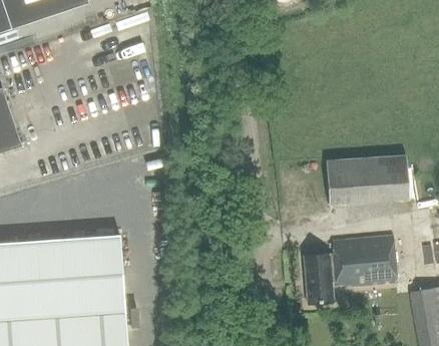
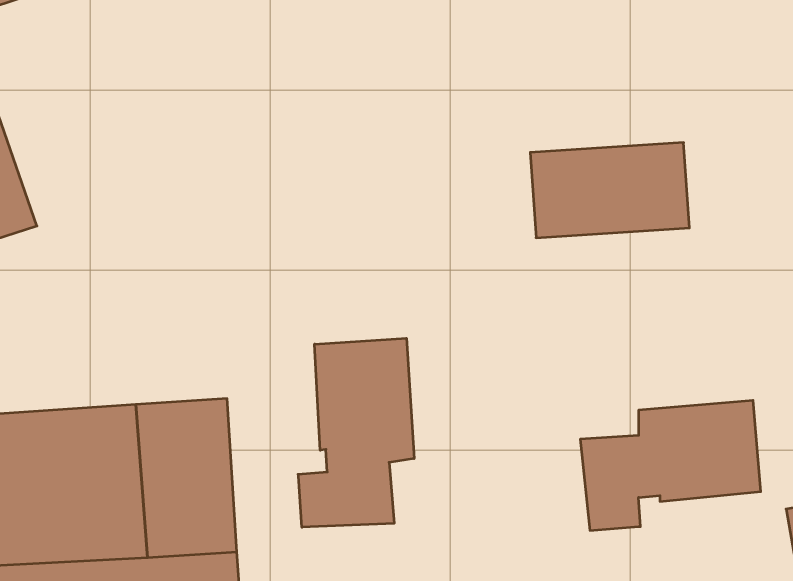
building: [325,155,407,205] -> [530,143,689,238]
building: none -> [298,338,414,527]

